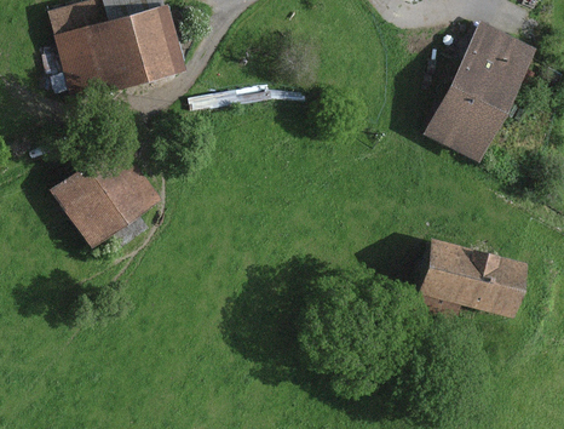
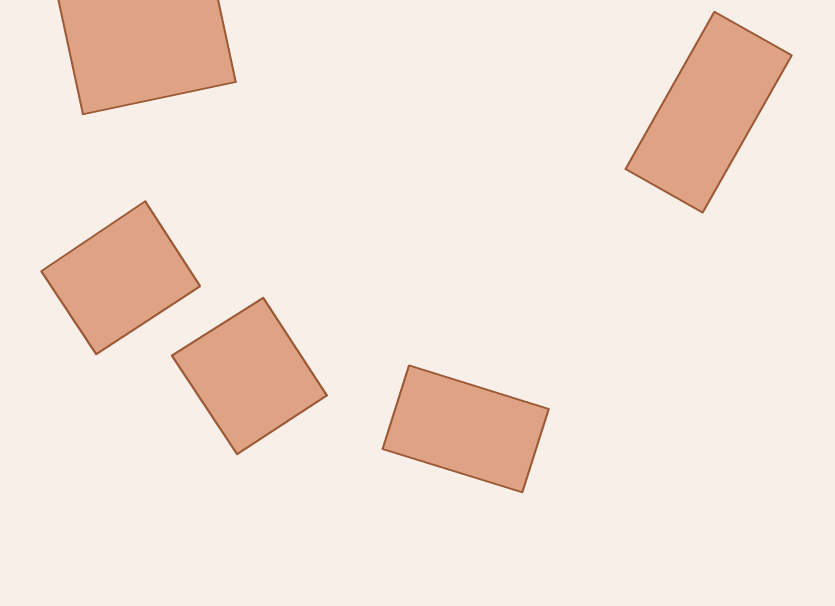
building: none -> [172,298,327,454]
building: [408,240,514,321] -> [382,366,549,492]

